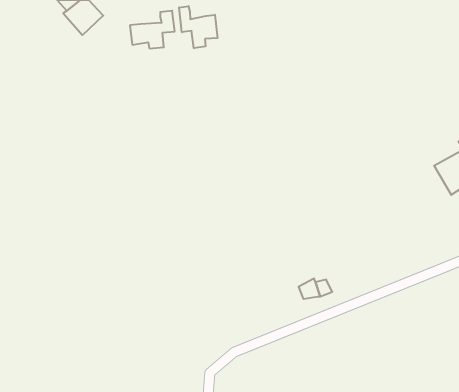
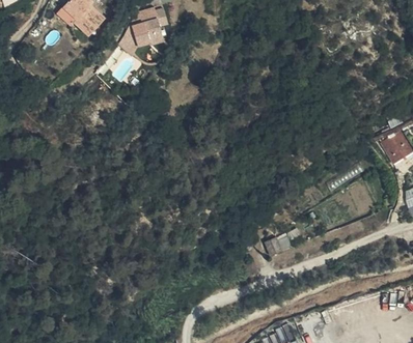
building: [179,6,218,48] -> none

